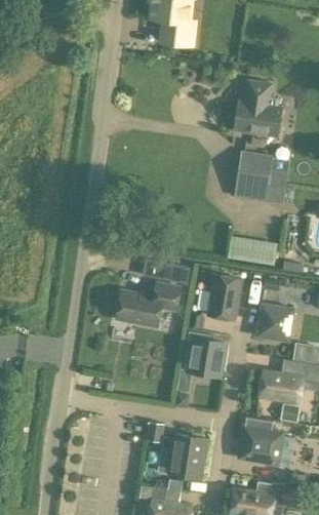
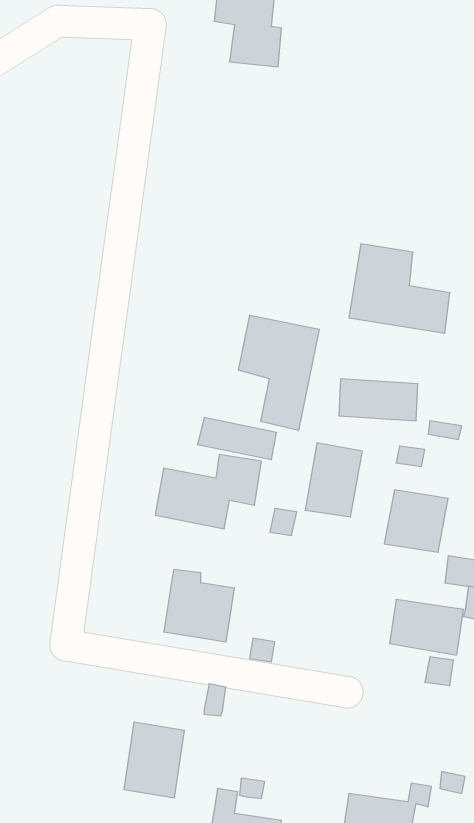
building: [234,79,282,136] -> none
building: none -> [239,315,319,431]
building: [183,331,226,375] -> [164,569,235,642]
building: [239,426,283,464] -> none
building: [169,433,206,479] -> [124,722,185,798]

